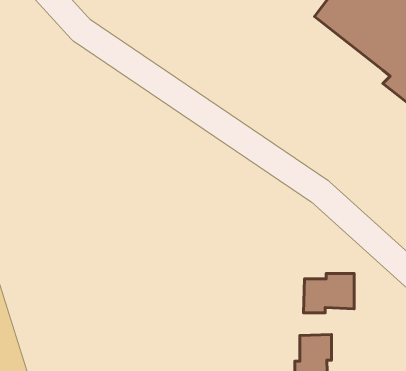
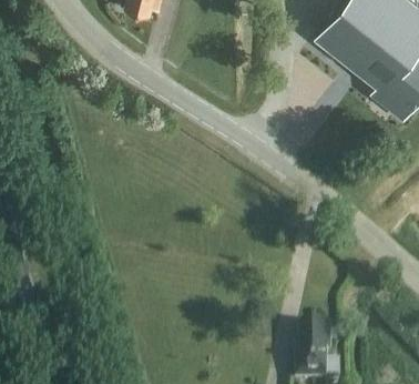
building: [304,273,354,313] -> none

